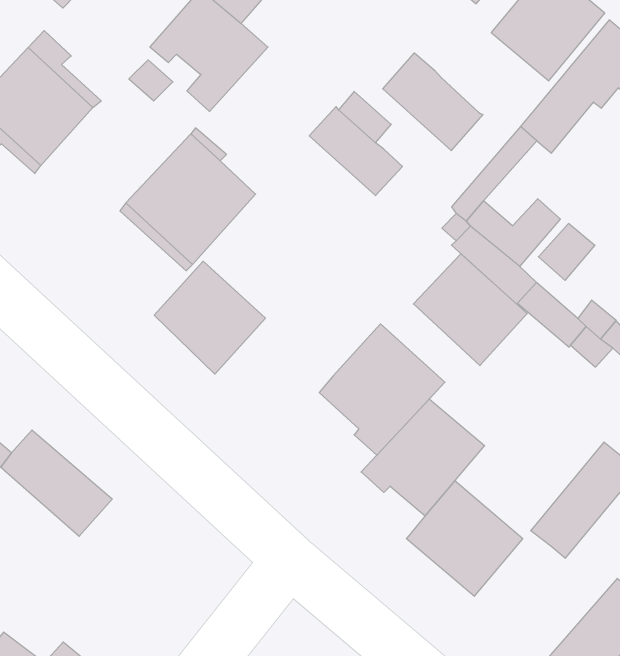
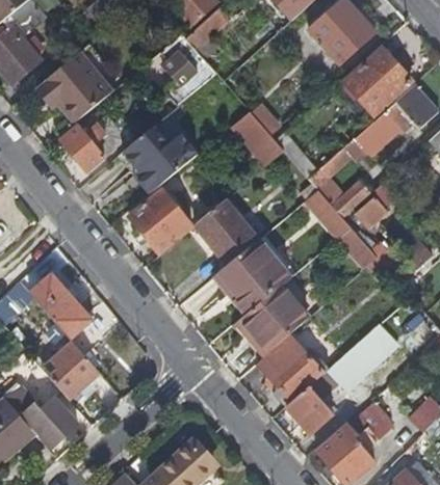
building: [383,53,483,151] -> none
building: none -> [63,124,110,171]
building: [413,254,527,366] -> [195,200,259,266]
building: none -> [286,370,339,435]
building: none -> [42,341,100,398]

